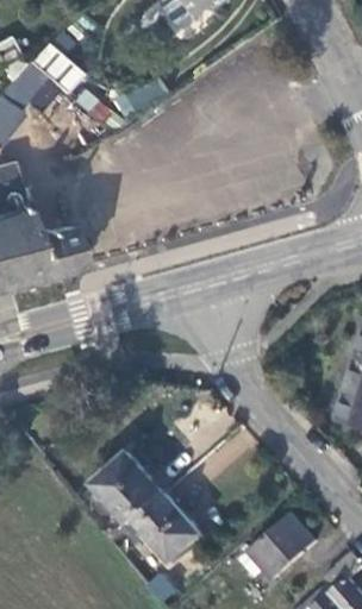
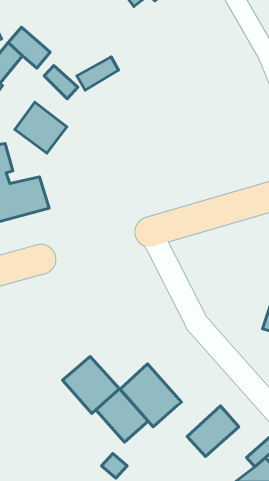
building: none -> [15,102,67,153]
building: none -> [120,364,181,427]

